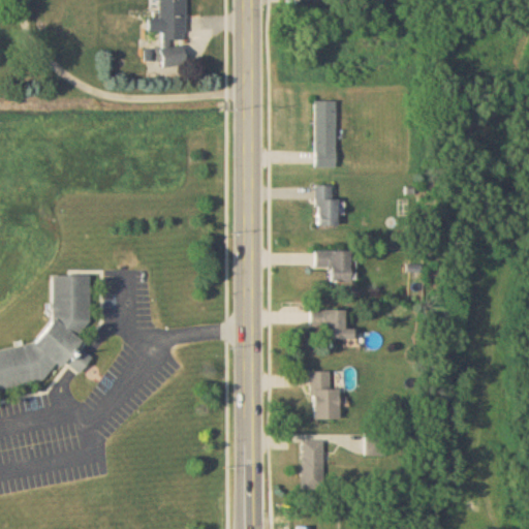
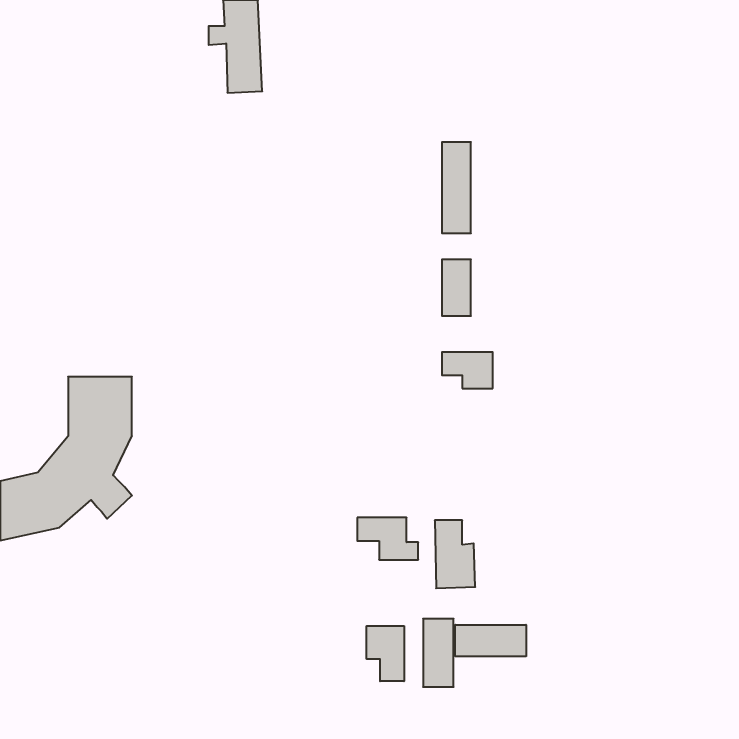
building: [311,311,354,341] -> [357,518,418,560]
building: none -> [455,625,526,656]
building: none -> [367,626,404,681]

